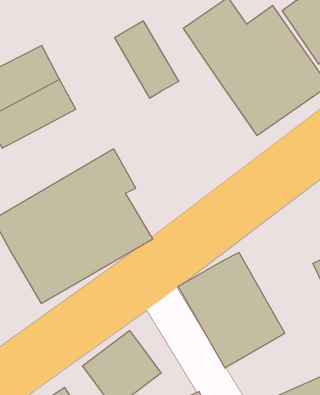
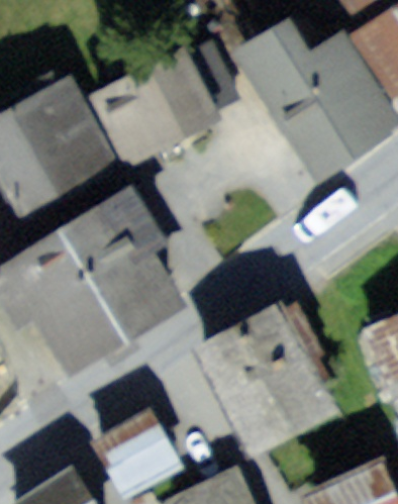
building: none -> [85,63,181,166]

